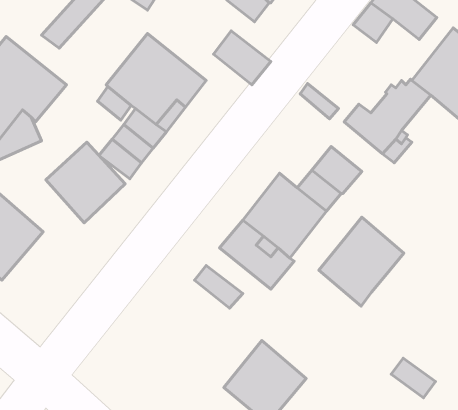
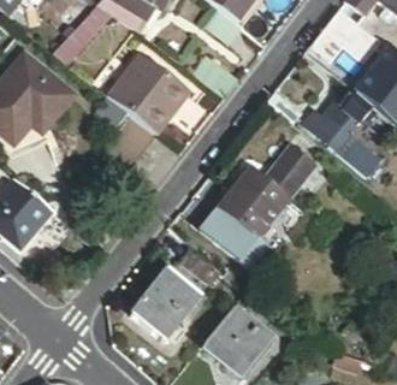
building: [46,142,125,223] -> none
building: [319,217,404,306] -> none
building: none -> [128,268,200,343]

